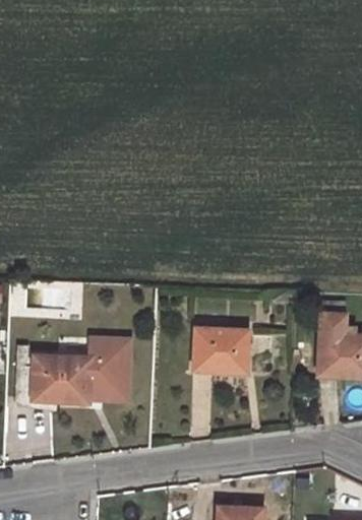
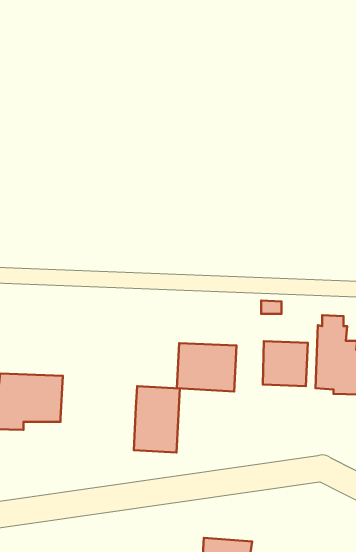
building: none -> [263,341,308,386]
building: [89,339,131,399] -> [134,386,180,453]

